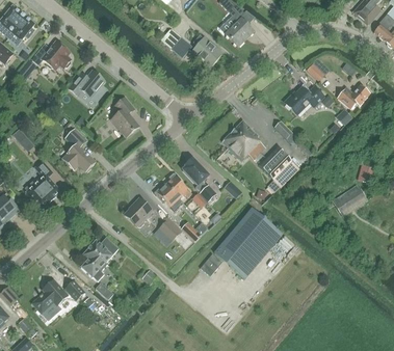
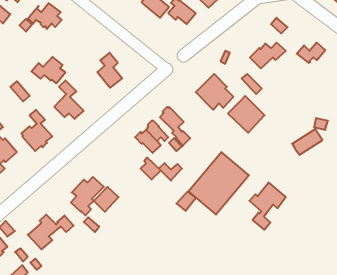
building: [69,71,107,101] -> [31,57,65,83]
building: [124,198,152,226] -> [94,187,119,212]
building: none -> [249,182,286,230]

